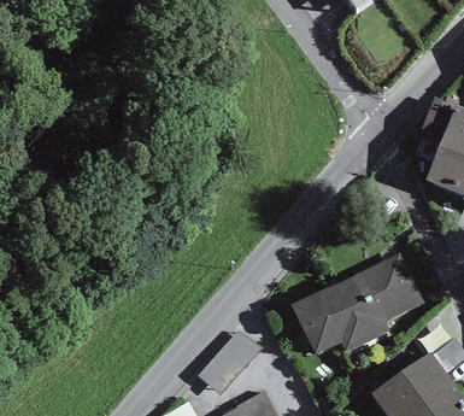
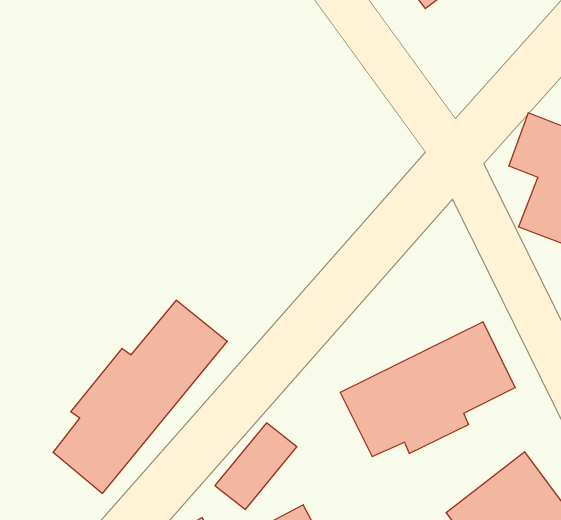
building: none -> [53,300,227,493]

